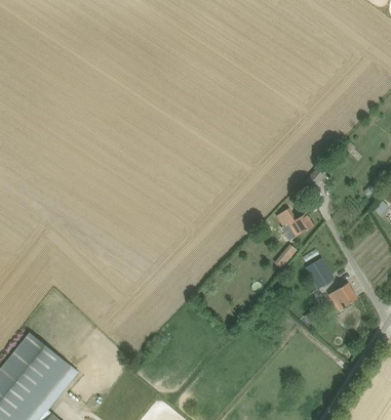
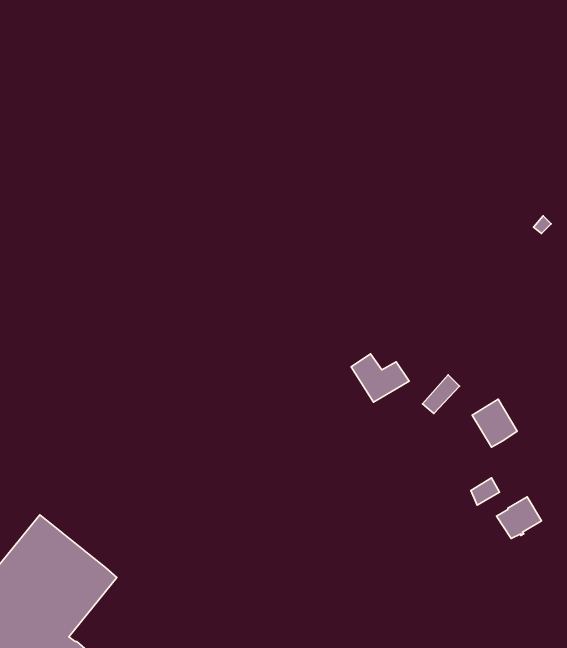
building: [277,209,314,240] -> [351,354,409,402]
building: [328,284,357,310] -> [497,497,542,539]

